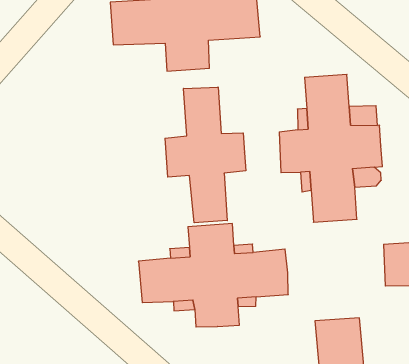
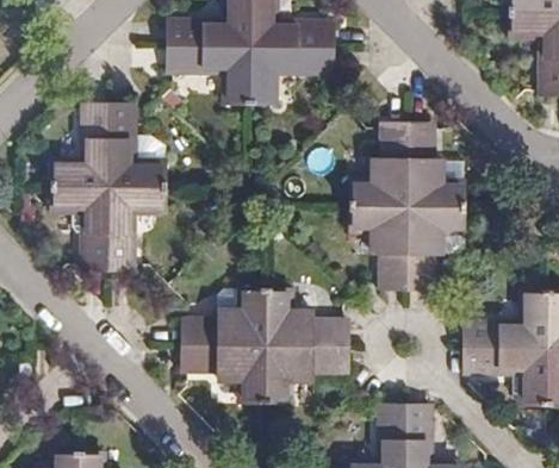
building: none -> [49,104,168,272]
building: [165,87,246,223] -> none

